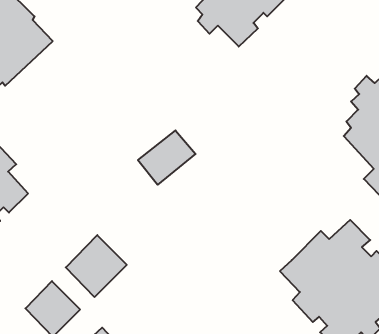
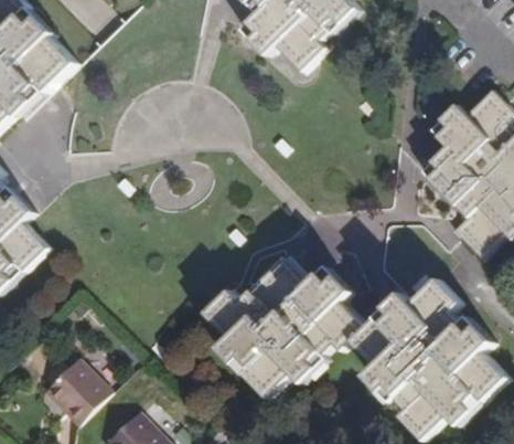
building: [138,130,196,185] -> none
building: none -> [206,257,366,398]
building: [66,235,127,297] -> none

